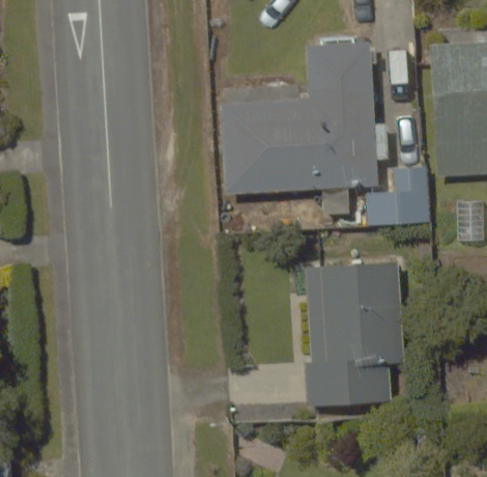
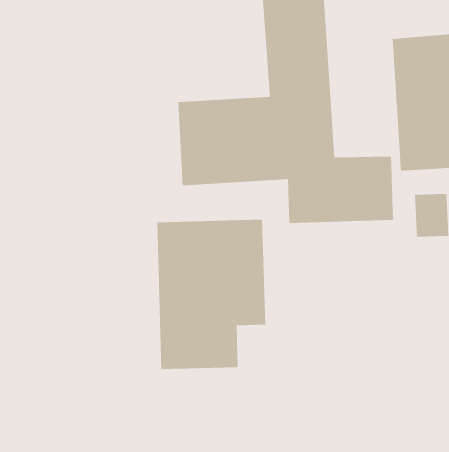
building: [311,259,418,405] -> [156,219,266,370]

